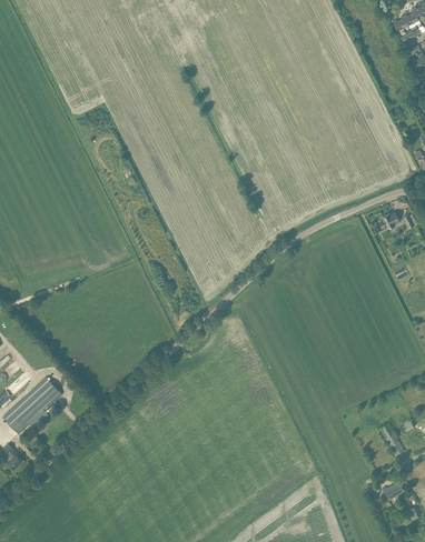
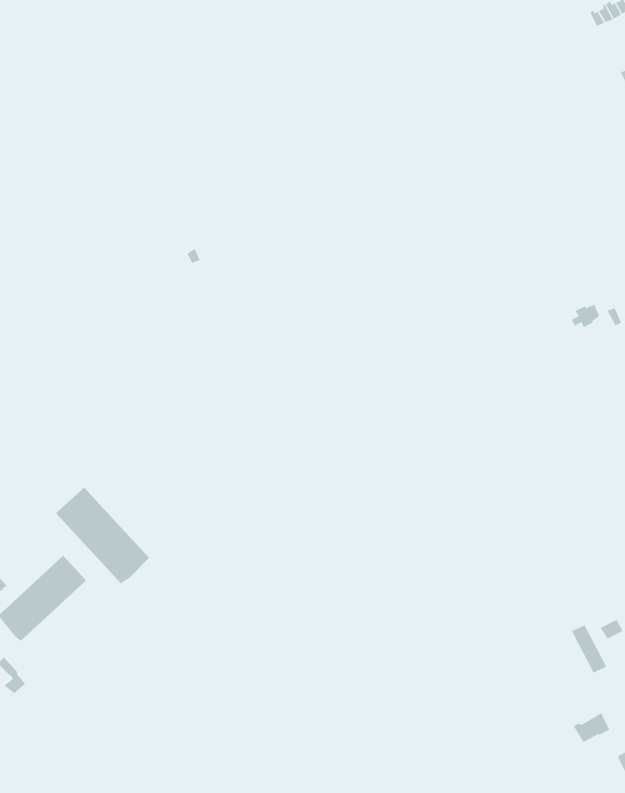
building: none -> [55,487,150,584]

